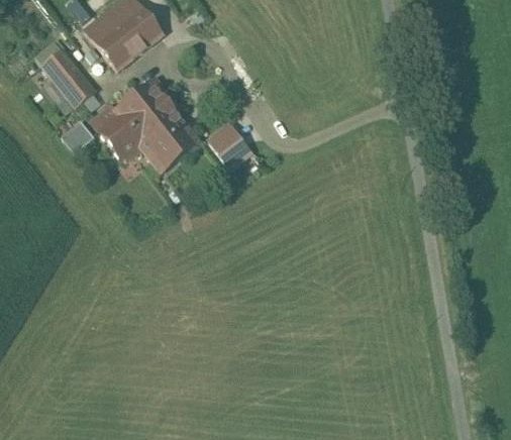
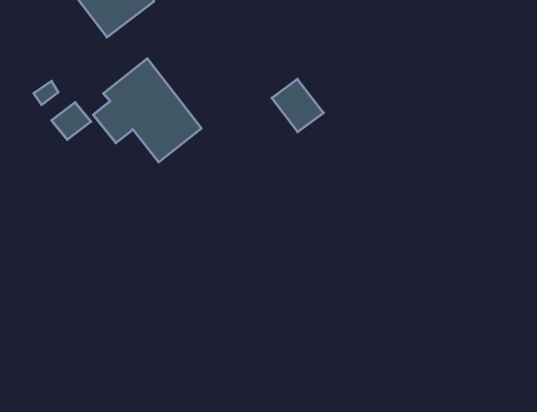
building: [41,49,90,101] -> none
building: [206,122,252,170] -> [272,79,324,132]

